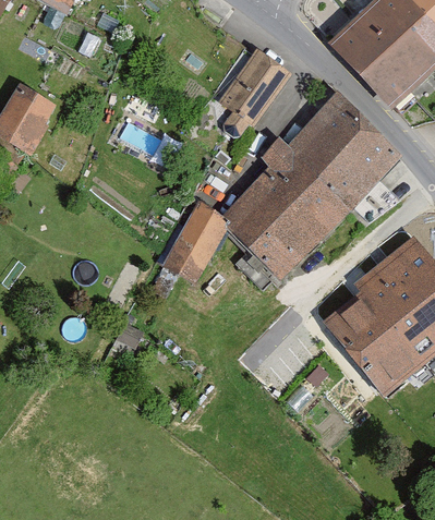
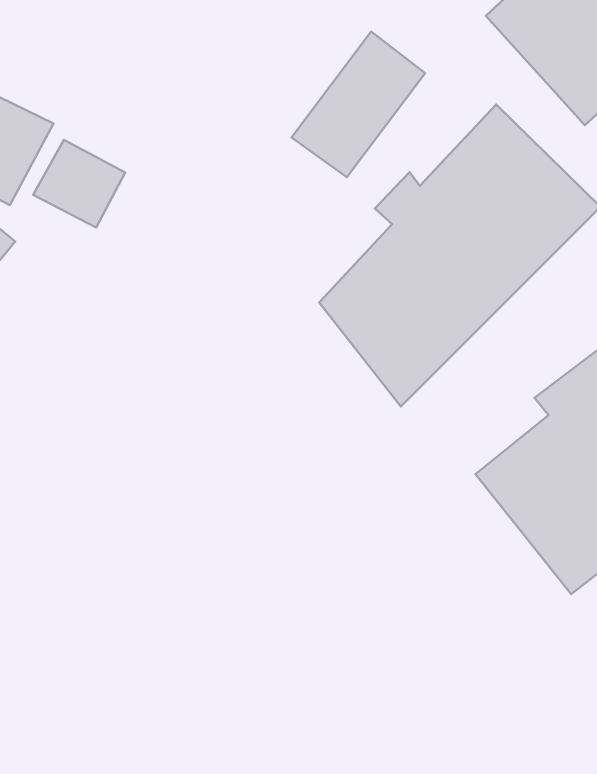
building: none -> [33,140,125,228]
building: [158,198,228,288] -> none

